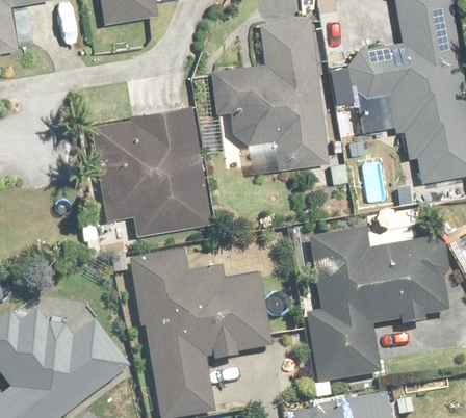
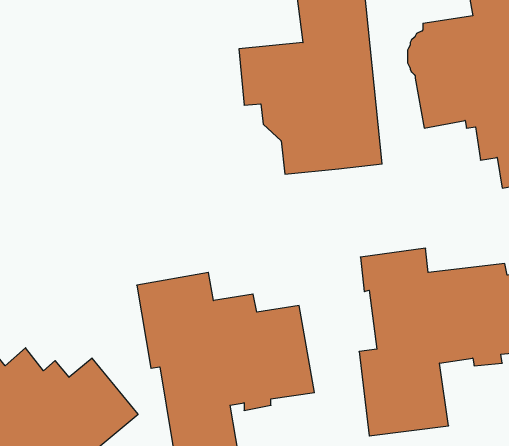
building: [88,105,209,231] -> none

